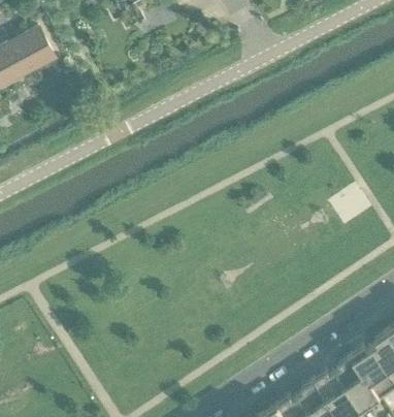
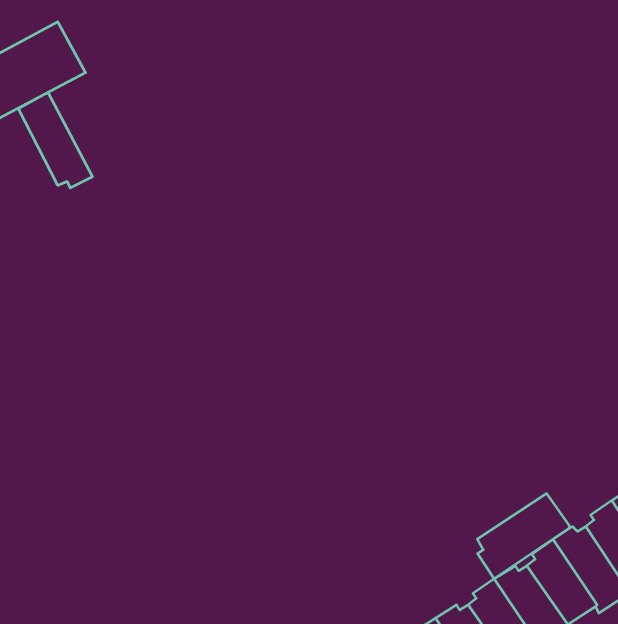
building: none -> [19,93,92,188]
building: none -> [477,494,570,579]

